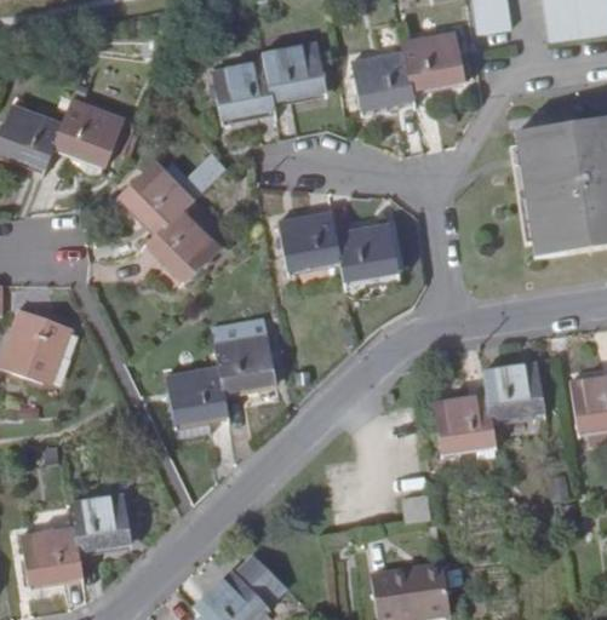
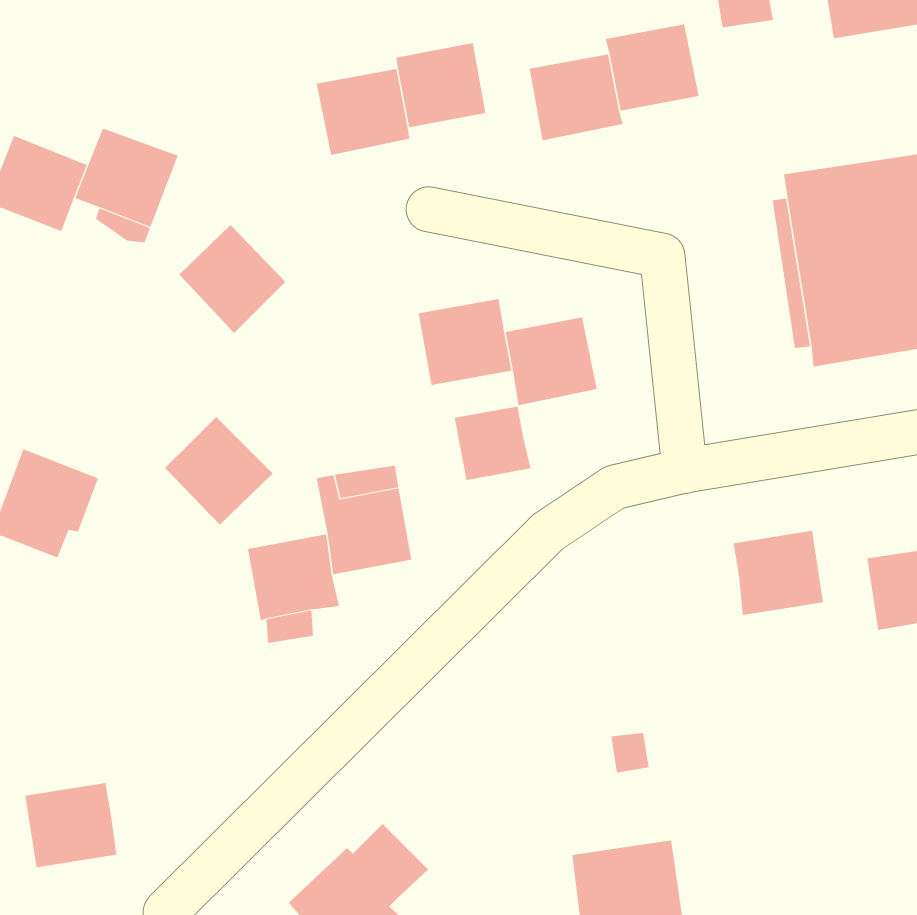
building: [144,216,216,287] -> [164,416,274,525]
building: none -> [454,406,531,481]
building: [435,395,494,450] -> none
building: [71,495,131,550] -> none

